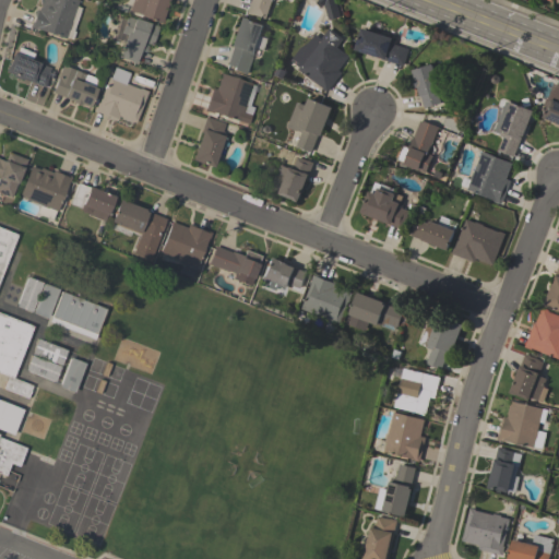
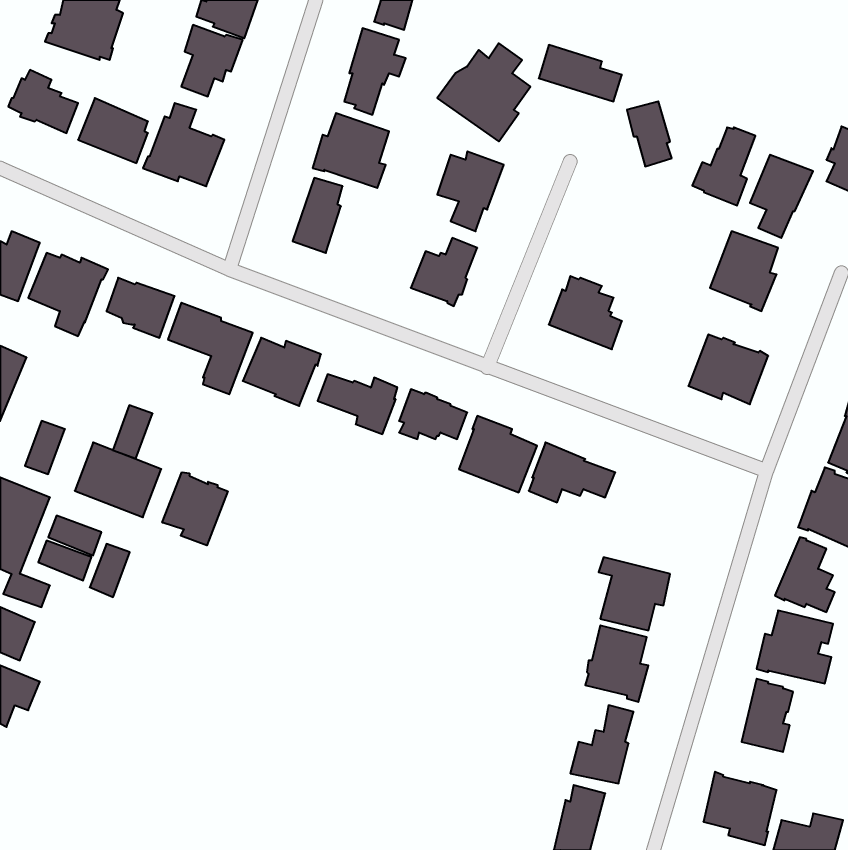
building: [397,121,439,173] -> [692,127,755,206]
building: [412,217,456,249] -> none
building: [34,283,60,318] -> [113,405,153,458]
building: none -> [162,472,228,545]
building: [420,314,464,369] -> none

